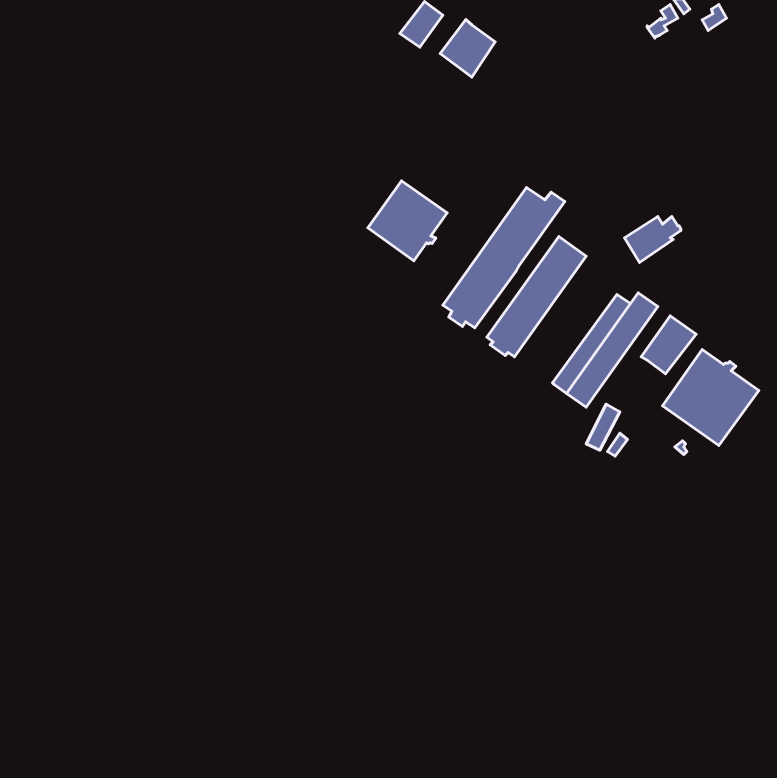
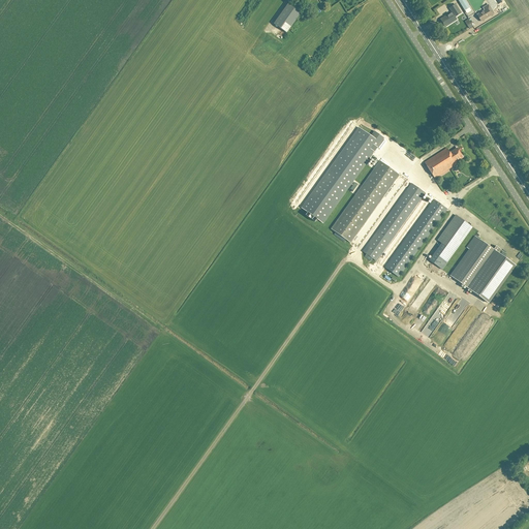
building: [440,19,495,77] -> none
building: [368,181,447,261] -> none
building: none -> [361,182,424,260]

